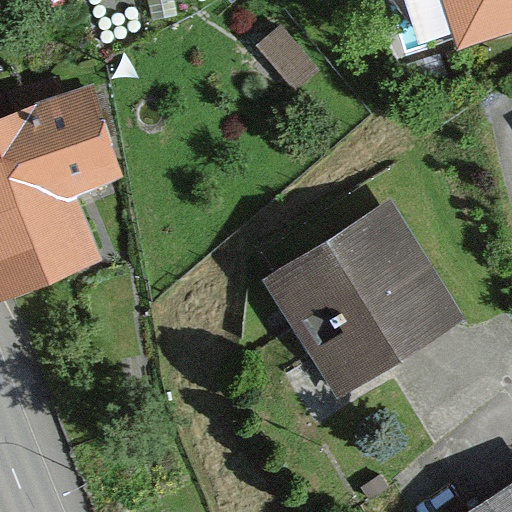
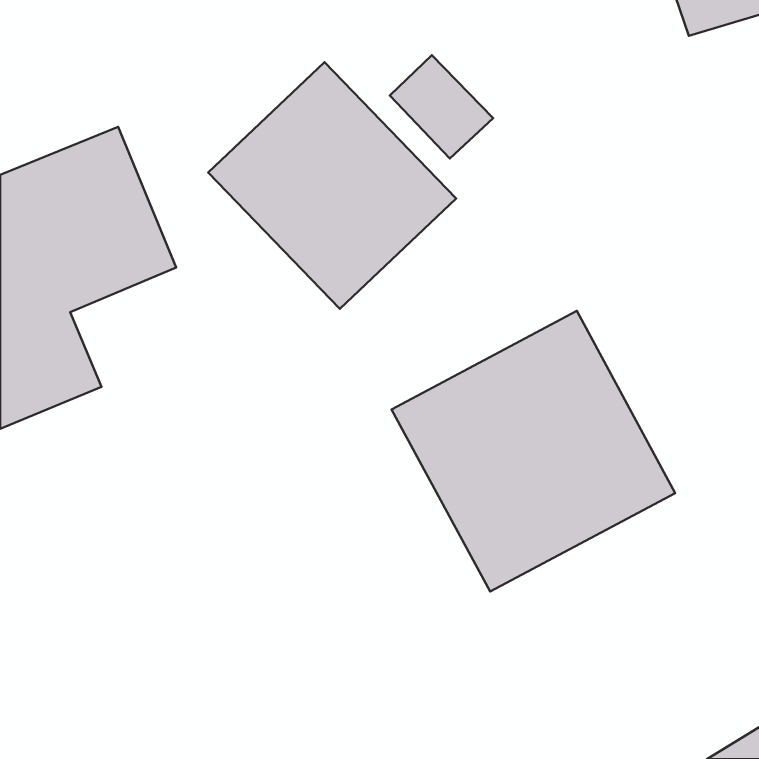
building: none -> [208,62,456,309]

